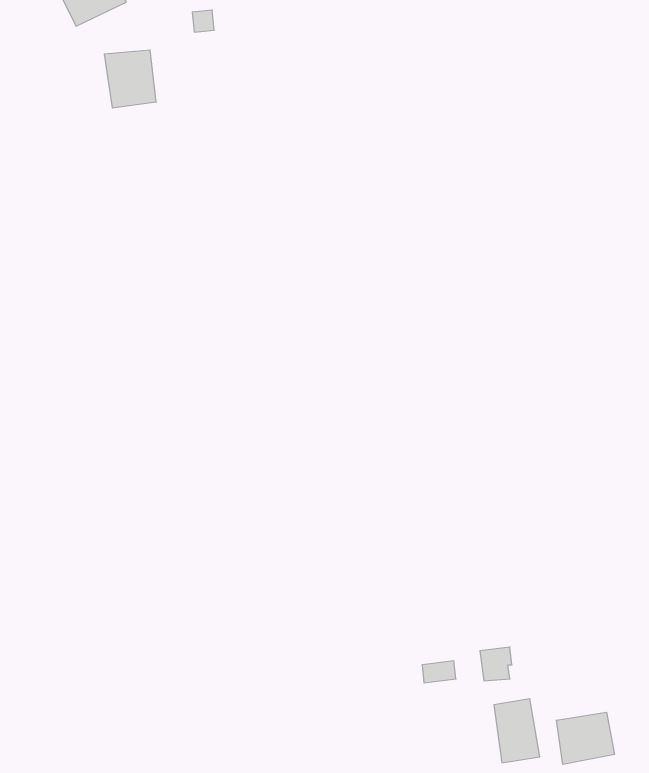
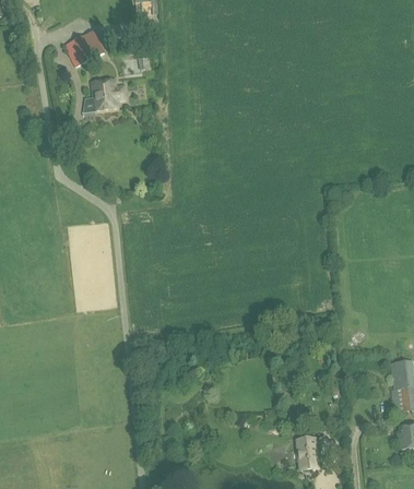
building: [557,712,615,764] -> none

